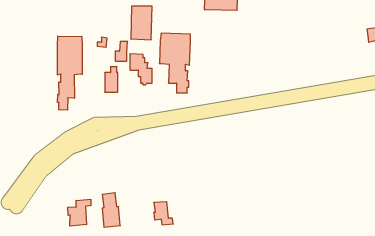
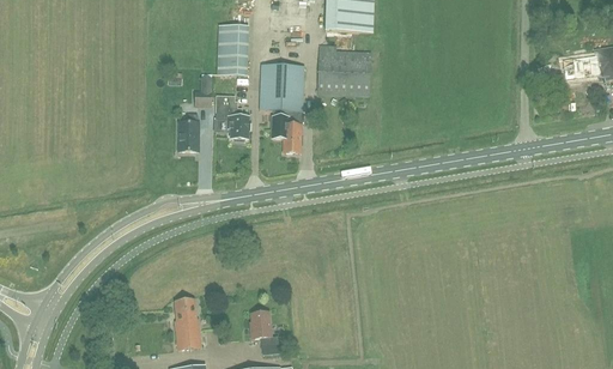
building: none -> [317,48,370,93]
building: [58,36,82,110] -> none
building: [68,199,91,226] -> none

